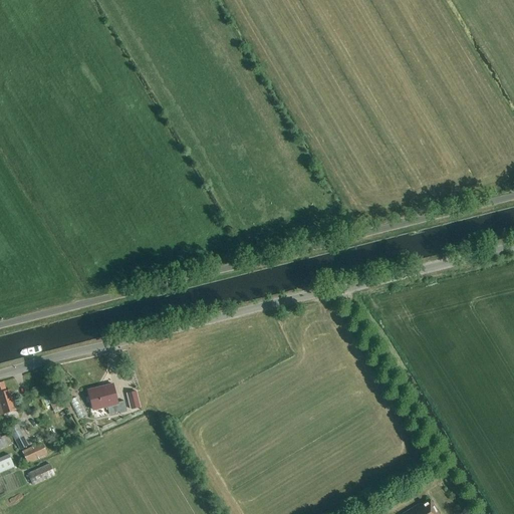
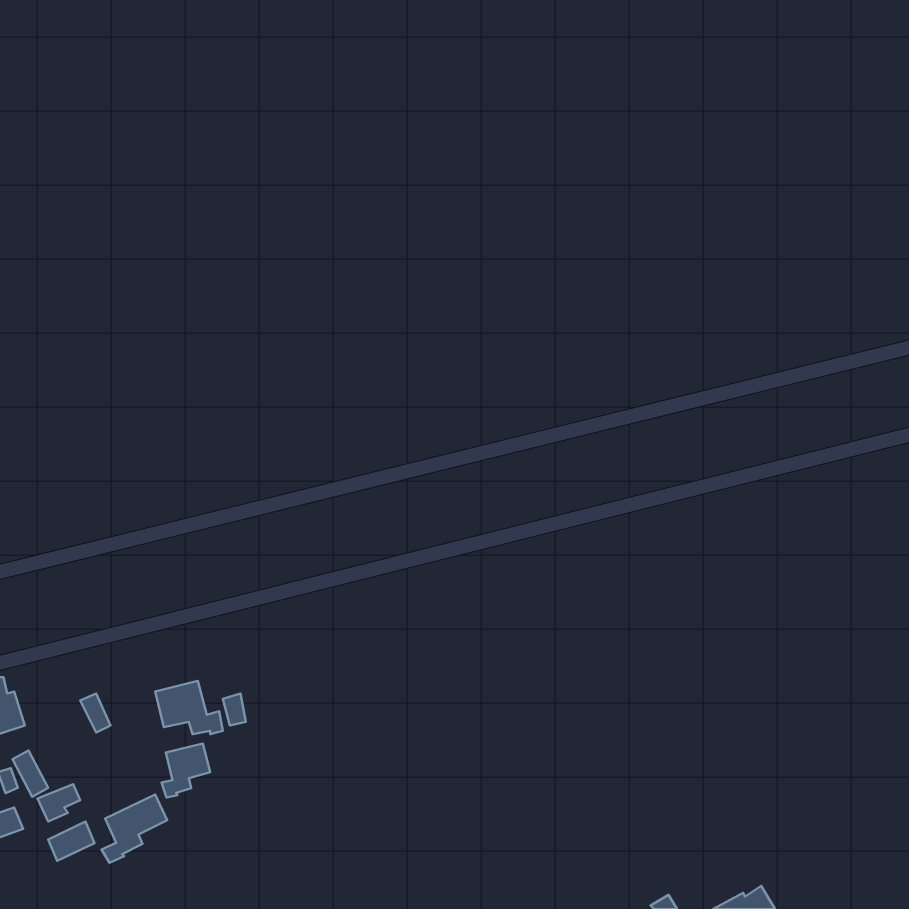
building: none -> [161,743,210,798]
building: none -> [101,795,167,863]

